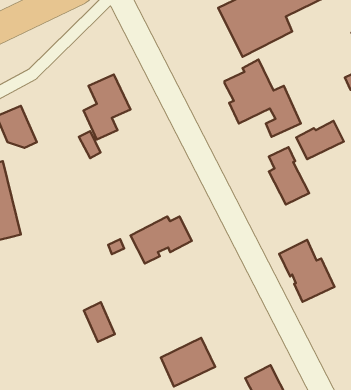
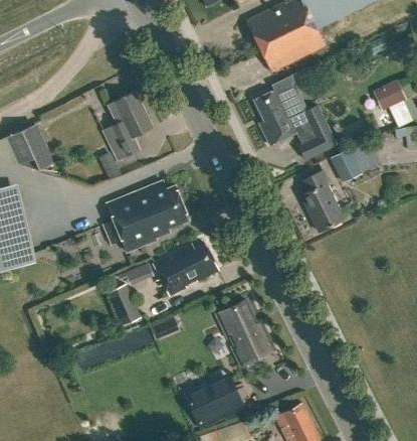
building: none -> [108,181,189,253]
building: [279,240,334,302] -> [216,300,275,366]
building: [84,302,115,342] -> [108,284,141,326]

